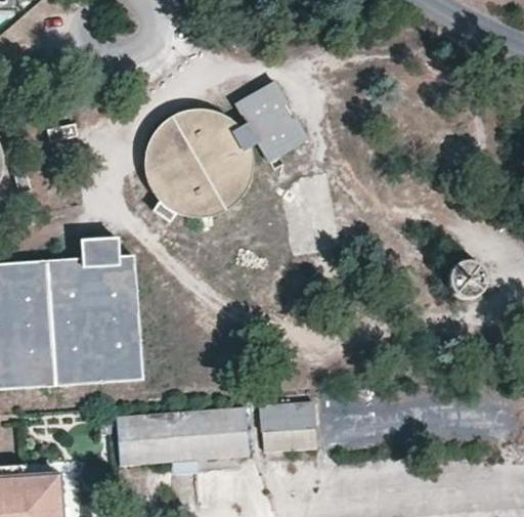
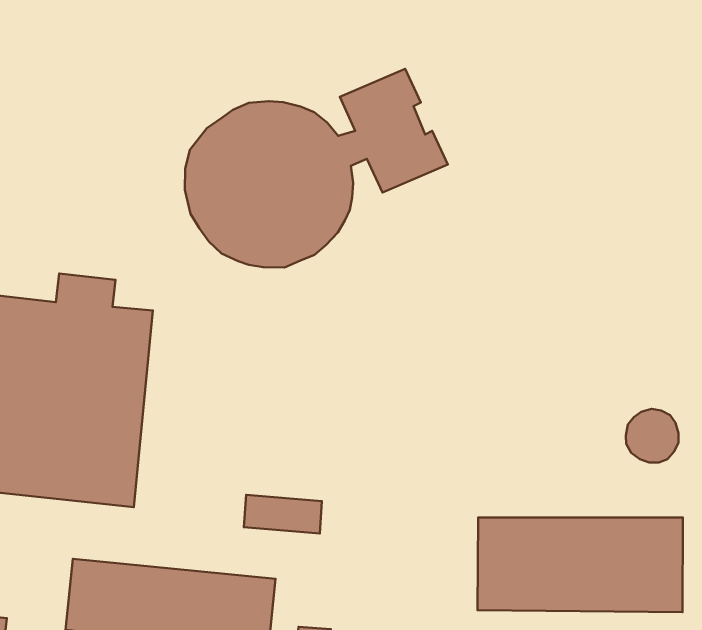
building: none -> [478,518,683,612]
building: [260,404,310,429] -> [244,495,322,533]

